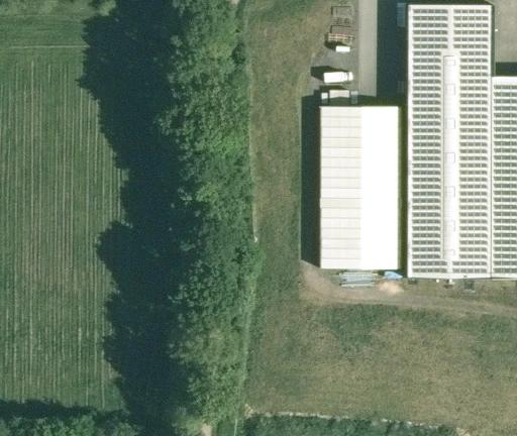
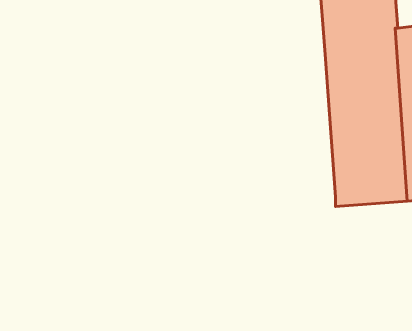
building: [322,102,407,270] -> none

